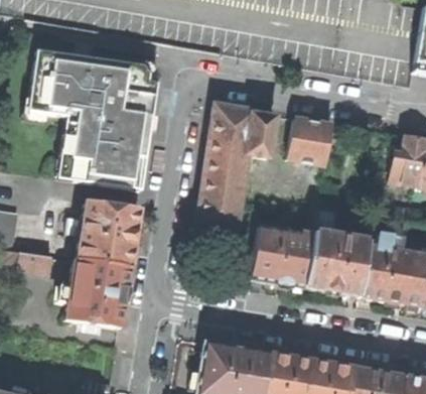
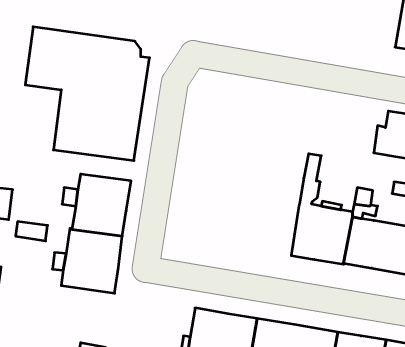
building: [198,103,277,232] -> none
building: [285,117,333,168] -> none
building: [252,225,314,286] -> none

